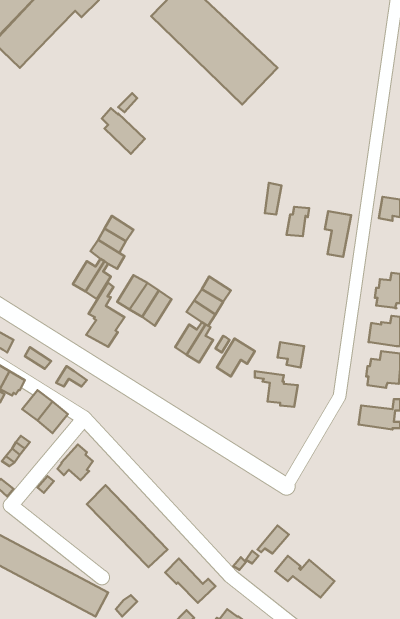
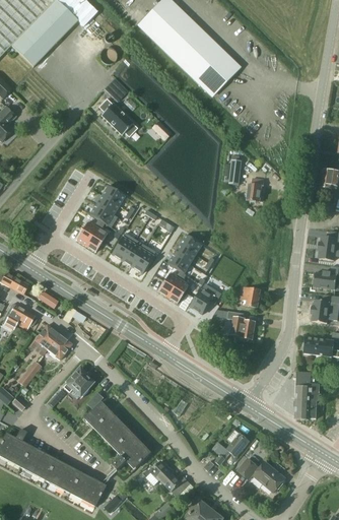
building: [325,211,351,257] -> none
building: [86,282,124,347] -> none
building: none -> [294,372,320,419]

